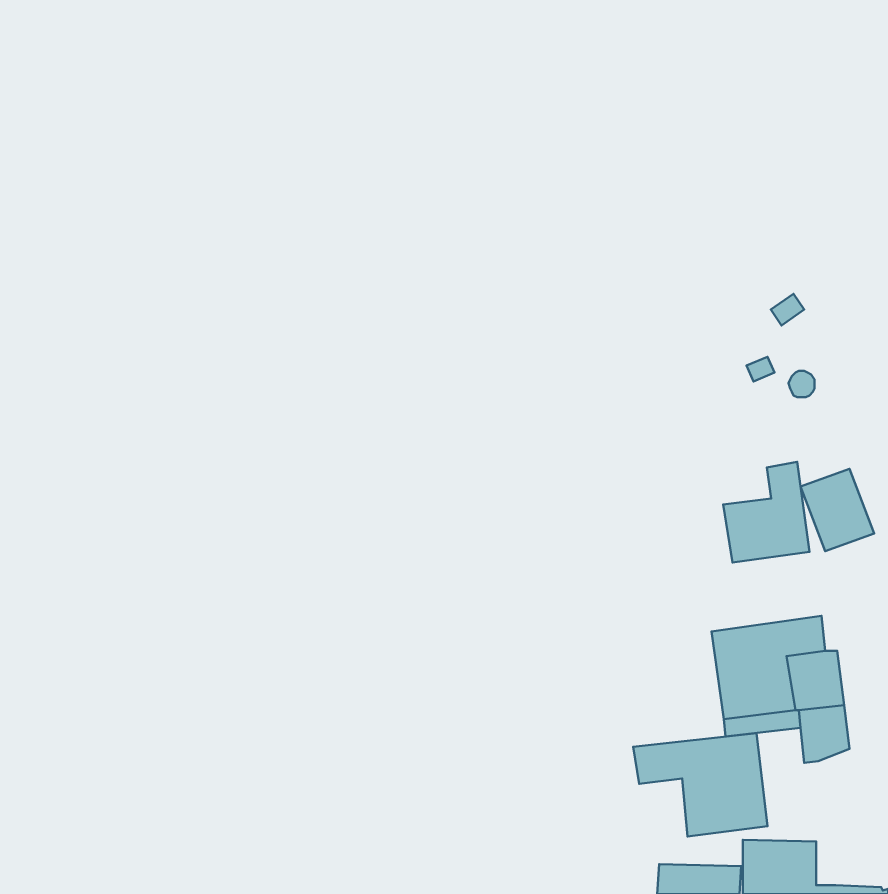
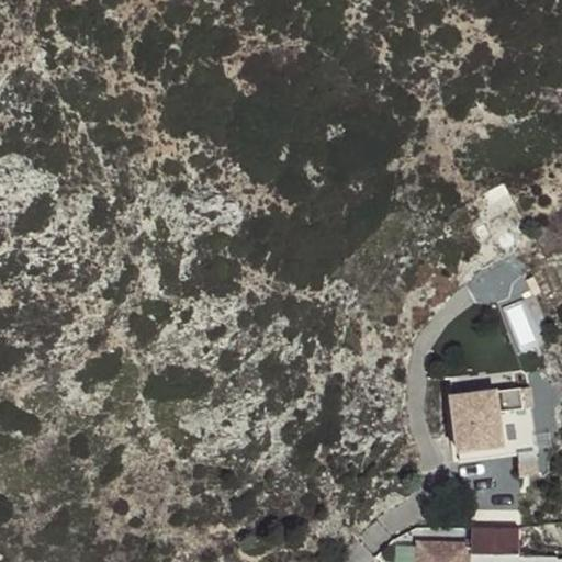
building: [723,462,810,563] -> none
building: [633,733,767,837] -> none

